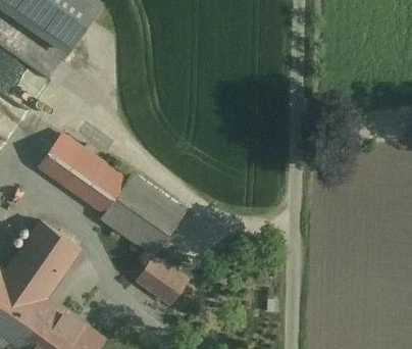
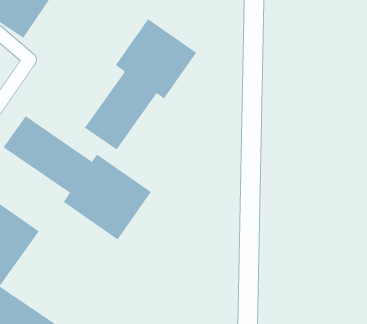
building: none -> [84,18,197,150]
building: [144,256,195,303] -> none

